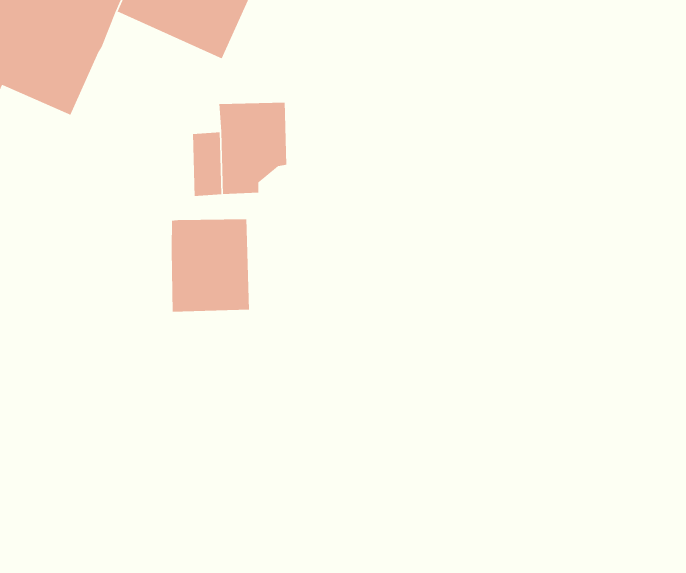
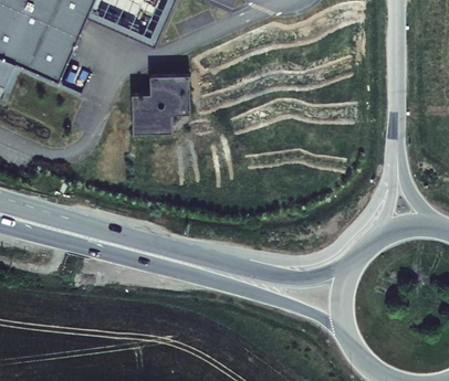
building: [171,218,250,313] -> none

